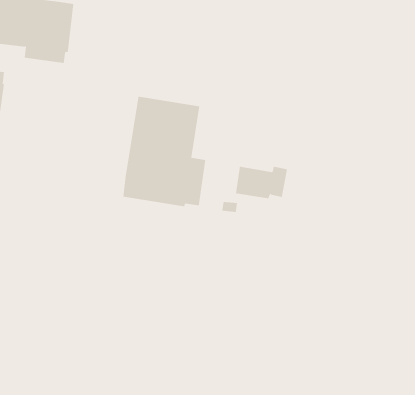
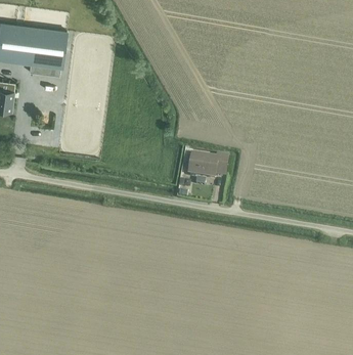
building: [123,96,206,207] -> none

